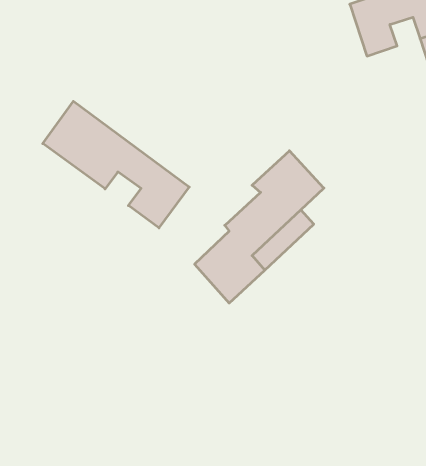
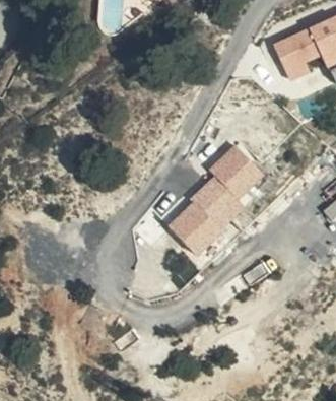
building: [43,101,189,228] -> none

